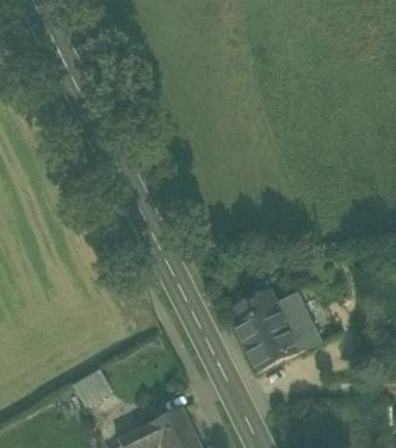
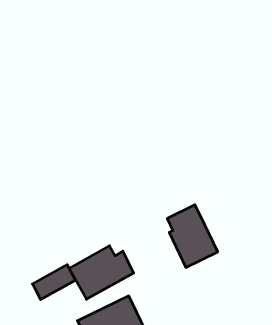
building: [276,293,320,350] -> none
building: none -> [69,246,134,299]

